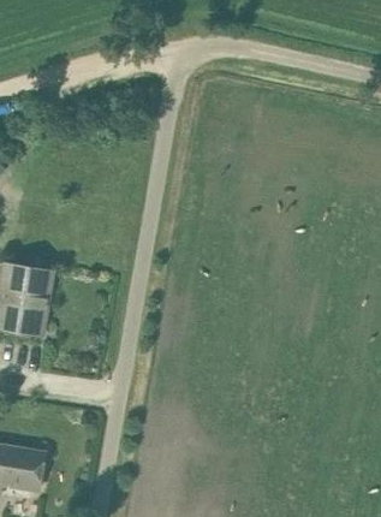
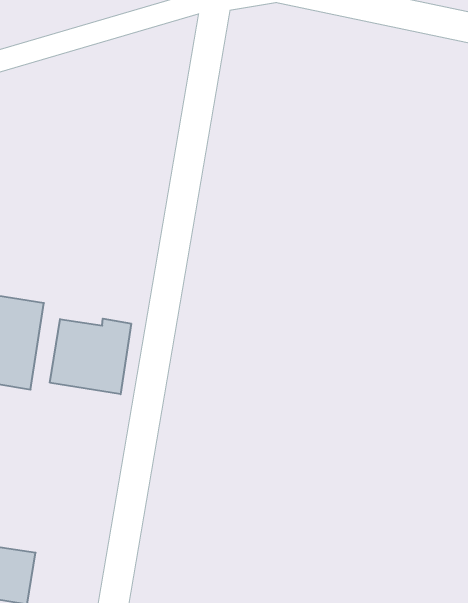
building: none -> [50,319,131,394]

